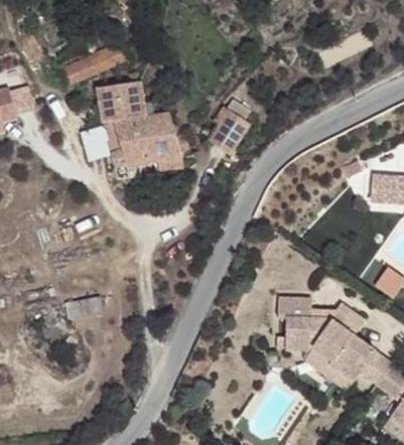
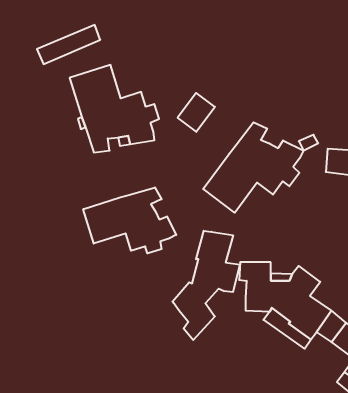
building: none -> [203,122,303,213]
building: none -> [83,187,176,253]
building: none -> [172,231,240,340]

